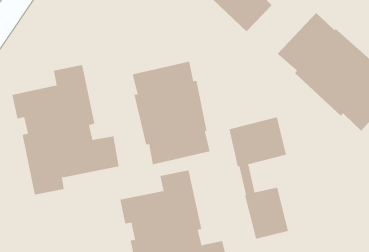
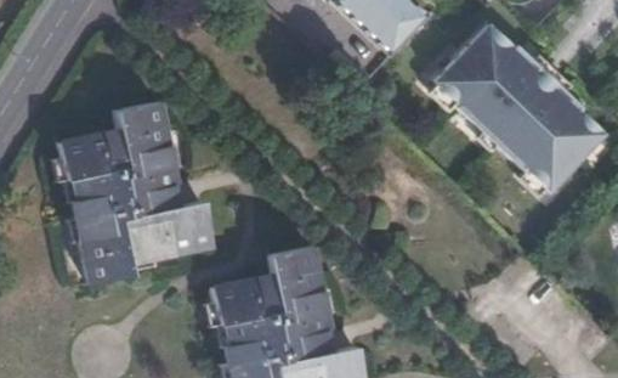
building: [132,61,210,165] -> none
building: [229,117,288,240] -> none

